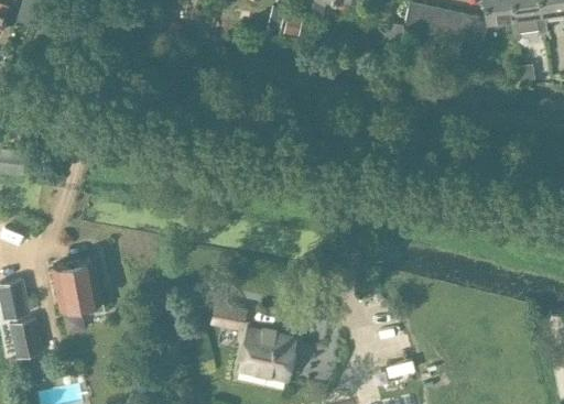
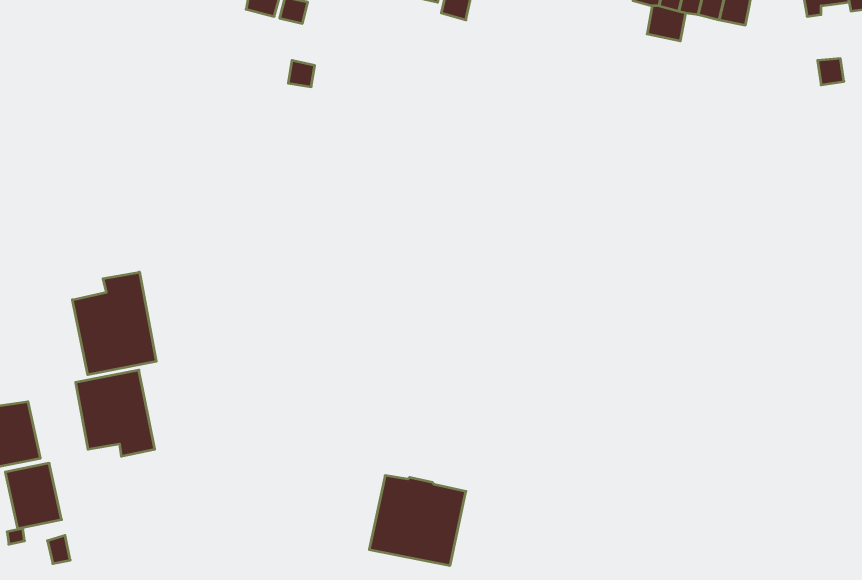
building: none -> [72,272,156,375]
building: [210,302,247,330] -> none

